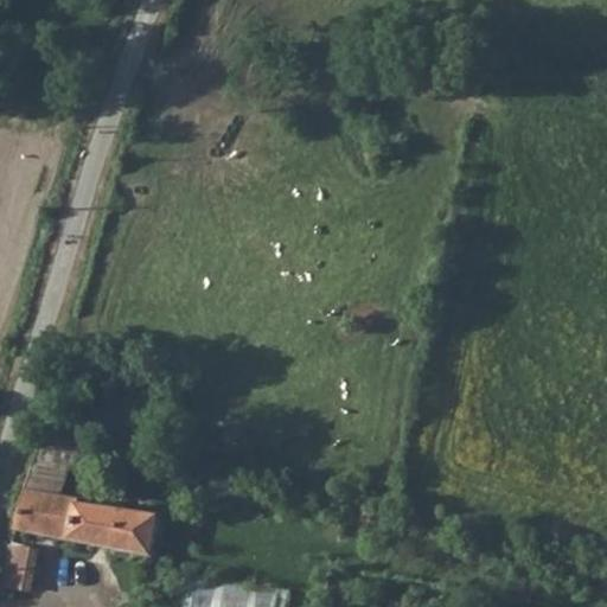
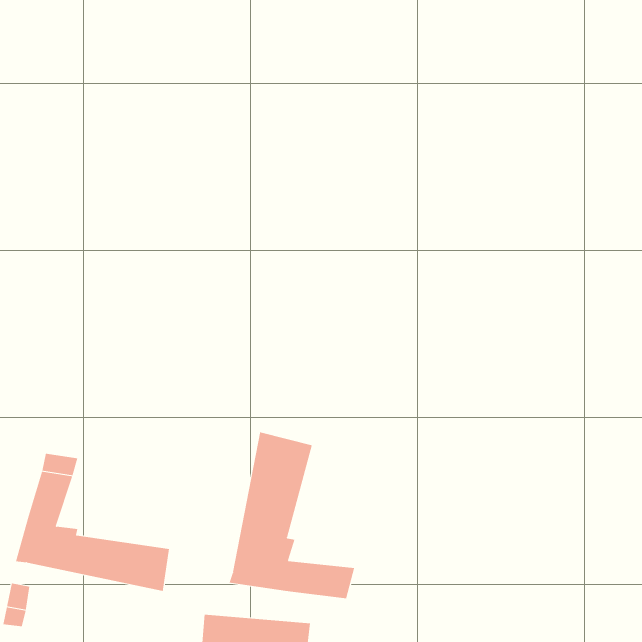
building: none -> [229,432,355,599]

